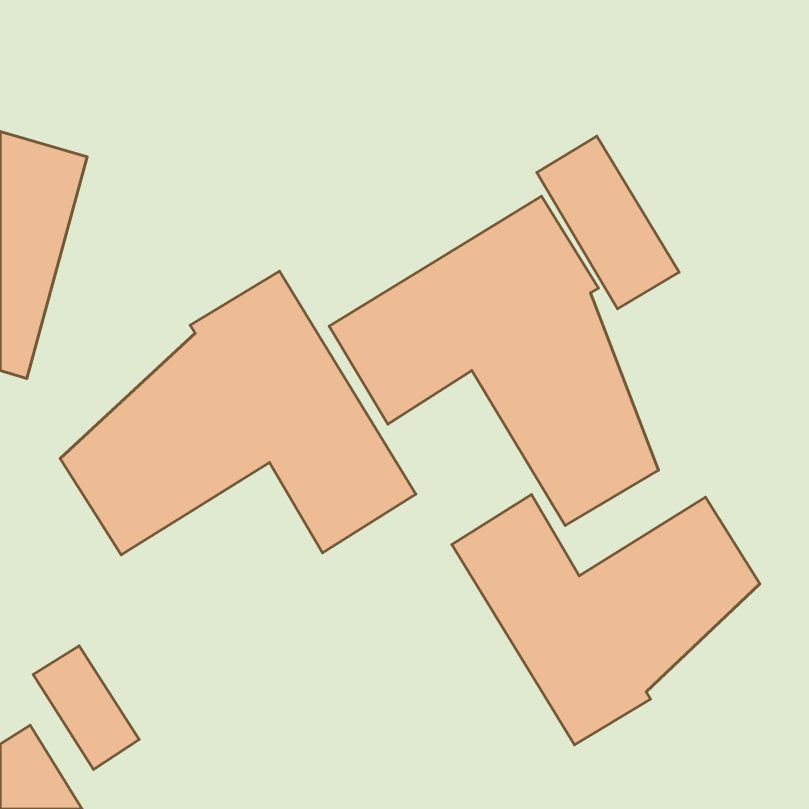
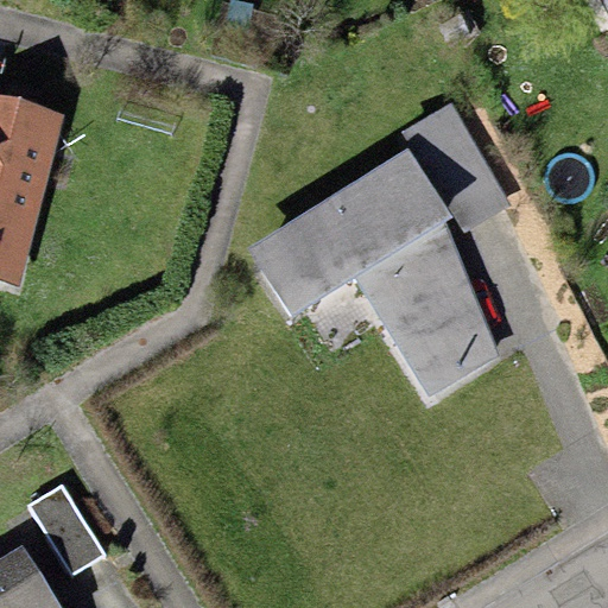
building: [60,271,416,555] -> none
building: [452,495,760,745] -> none

